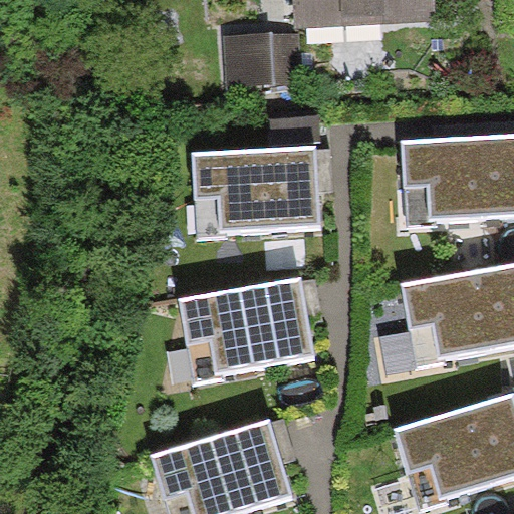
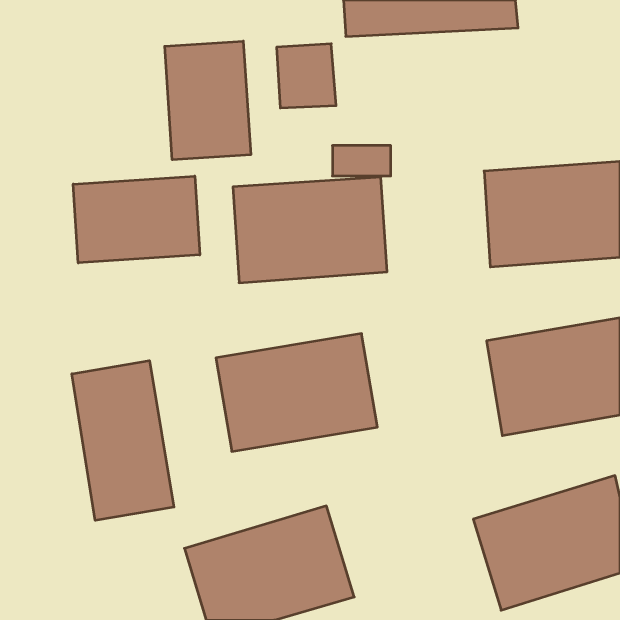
building: none -> [165,41,251,160]
building: none -> [73,176,200,263]
building: none -> [72,361,174,520]

